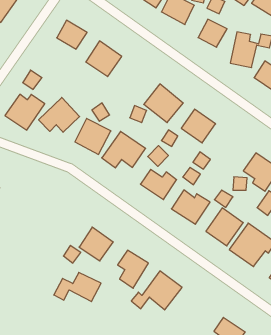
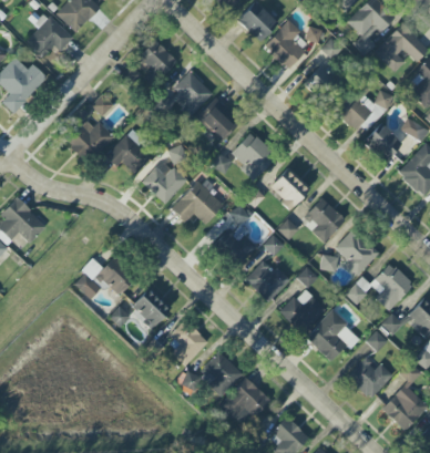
building: none -> [198,102,237,141]
building: none -> [305,198,346,243]
building: [54,272,101,302] -> [76,259,134,296]
building: none -> [219,377,270,423]

